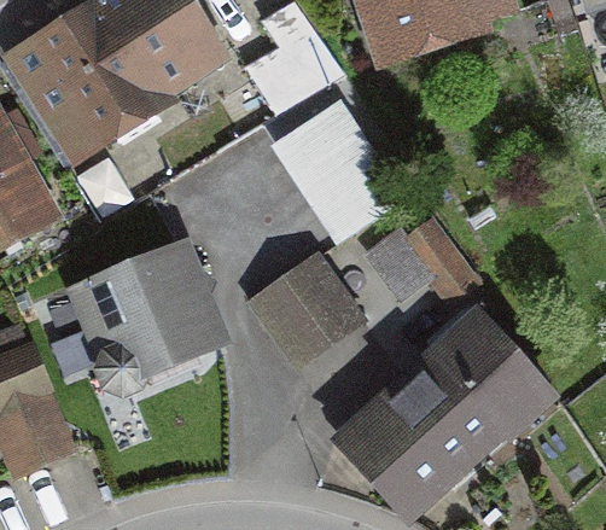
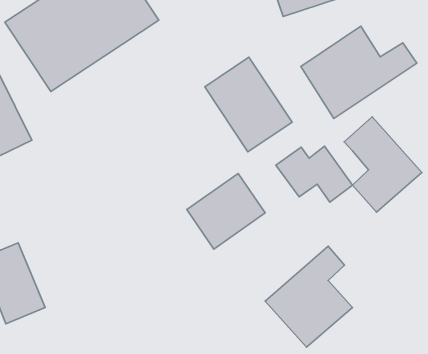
building: none -> [301,26,417,119]
building: [83,246,217,386] -> none
building: [433,311,537,439] -> [344,117,422,212]

